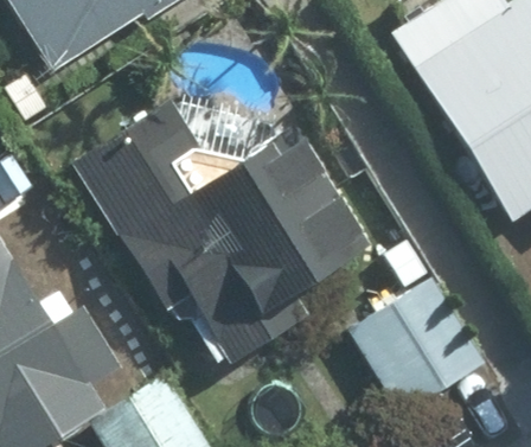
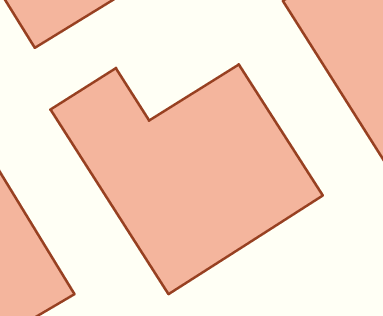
building: [345,272,484,415] -> none

